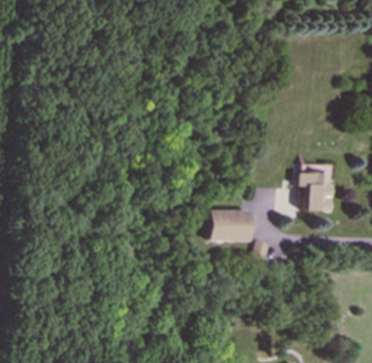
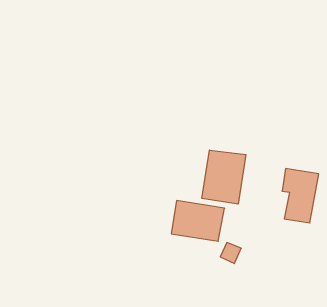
building: none -> [202,150,246,204]

